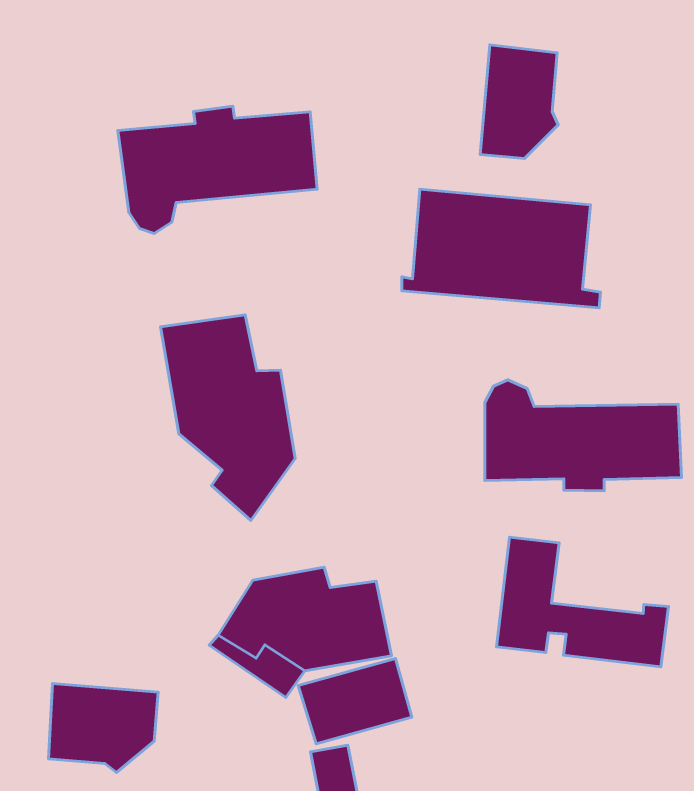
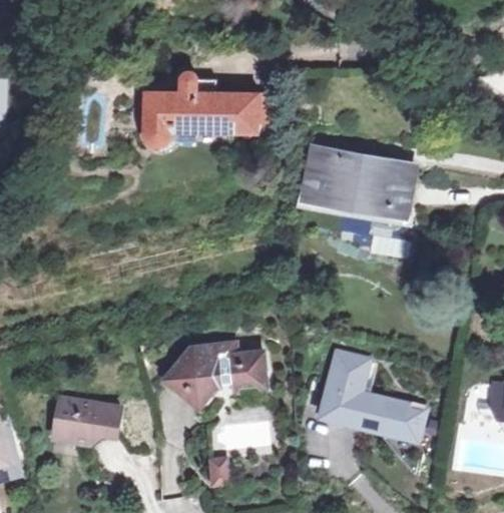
building: [480,45,558,159] -> none
building: [160,315,295,520] -> none
building: [485,380,682,491] -> none

